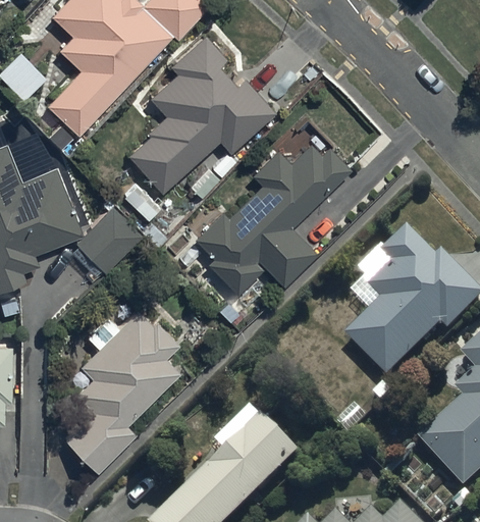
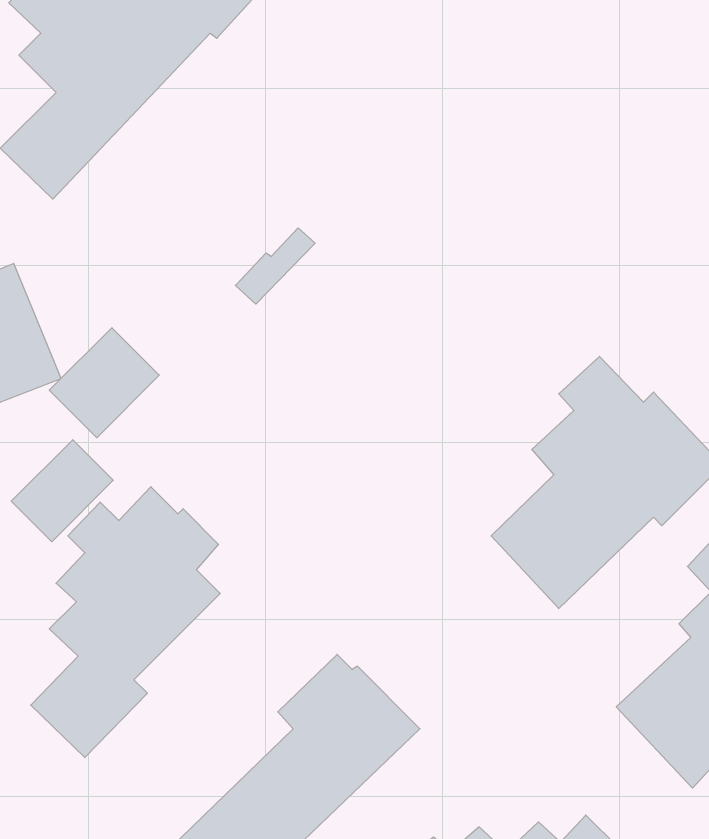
building: [128,32,274,190] -> none
building: [198,140,351,292] -> none
building: none -> [11,440,113,542]

